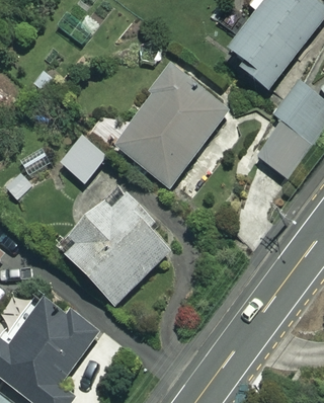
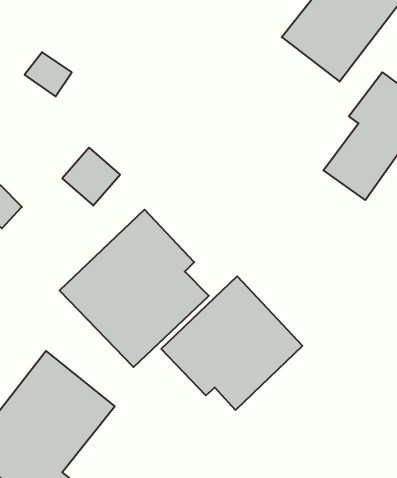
building: [115,66,230,186] -> none
building: none -> [161,276,302,410]

